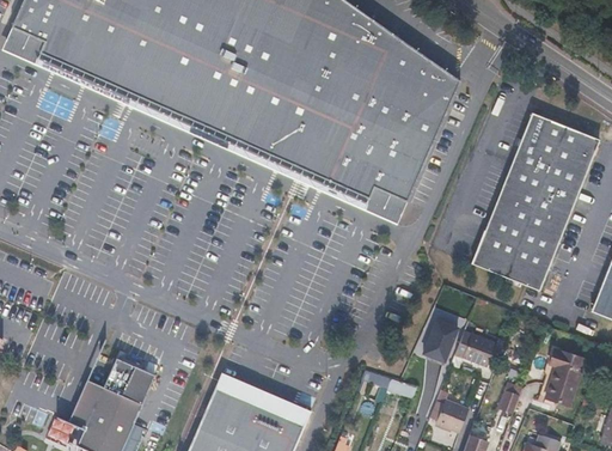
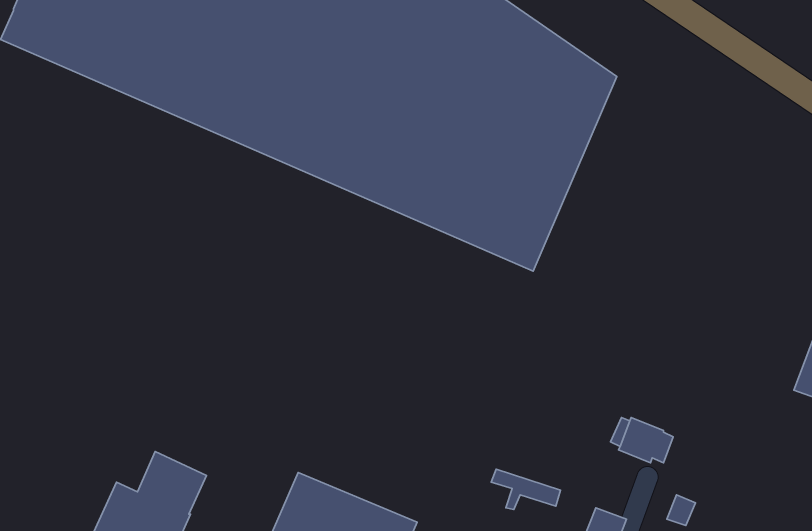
building: [471,111,600,290] -> none
building: [421,319,454,360] -> none
building: [541,346,583,406] -> none

